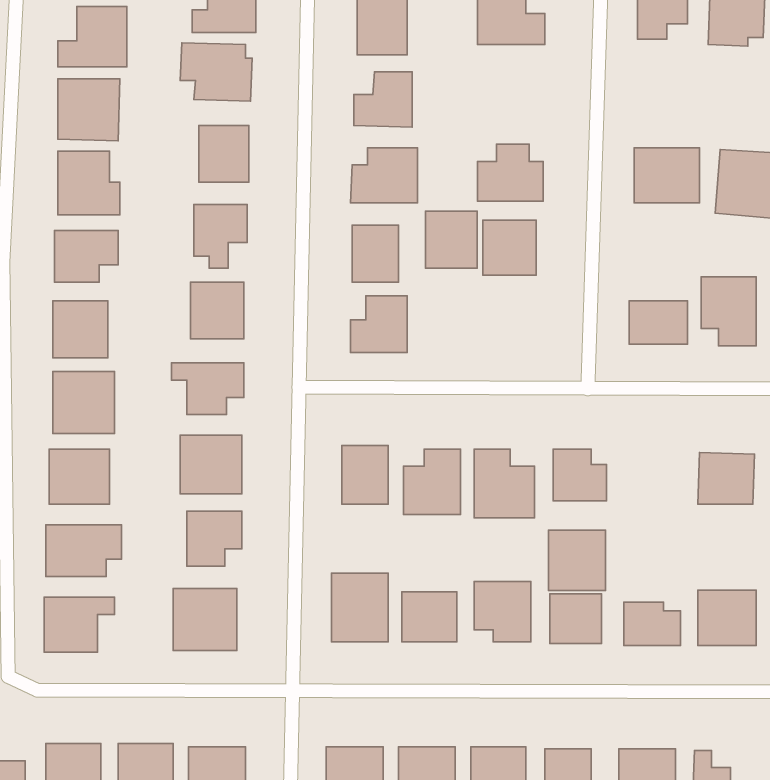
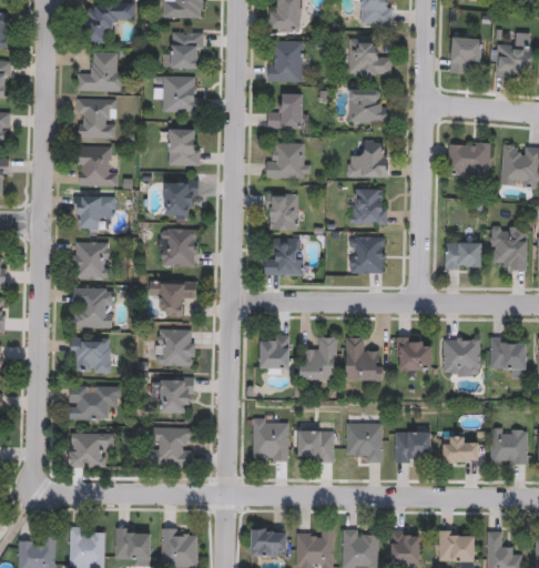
building: none -> [347,90,389,123]
building: [426,211,477,268] -> [350,236,384,273]
building: [549,530,605,591] -> [443,337,479,376]

